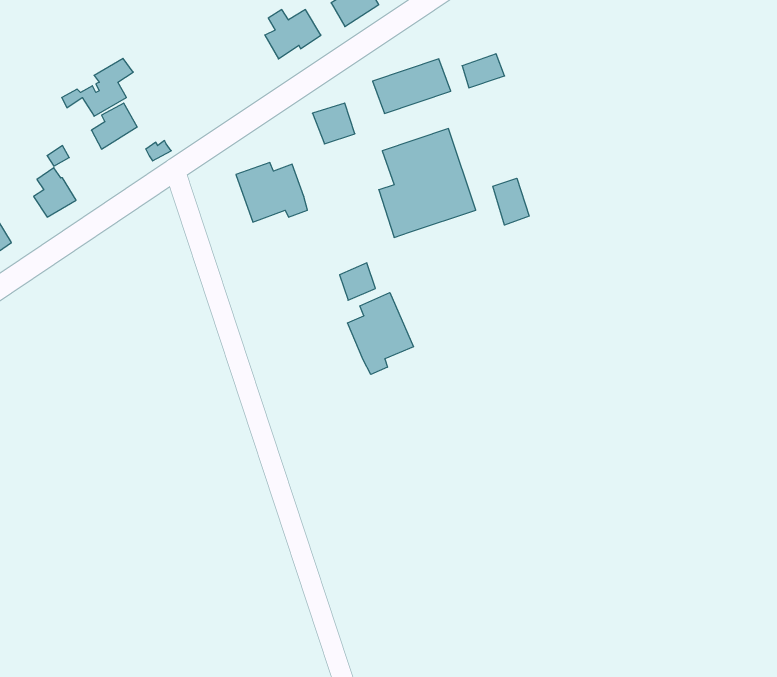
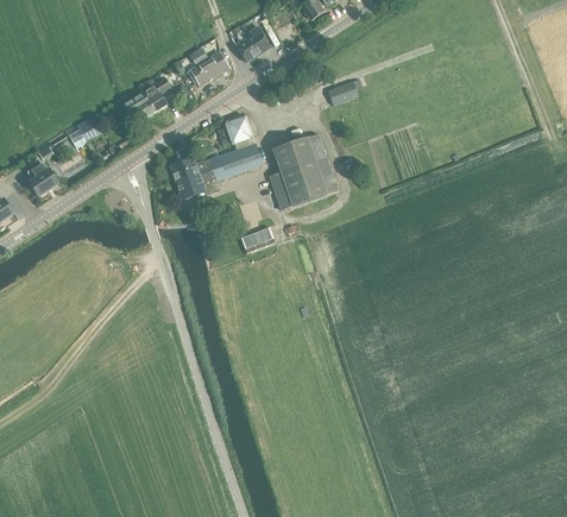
building: [62,58,133,116] -> [120,77,170,118]
building: [373,59,451,113] -> [208,143,263,181]
building: [493,178,529,225] -> none
building: [347,293,413,374] -> none

